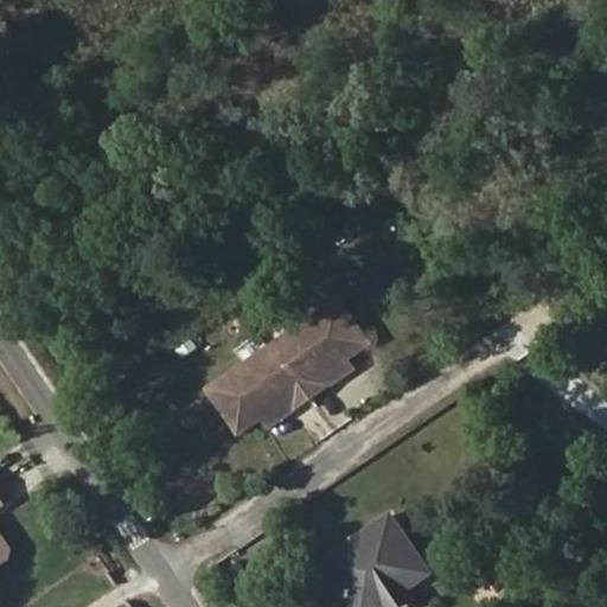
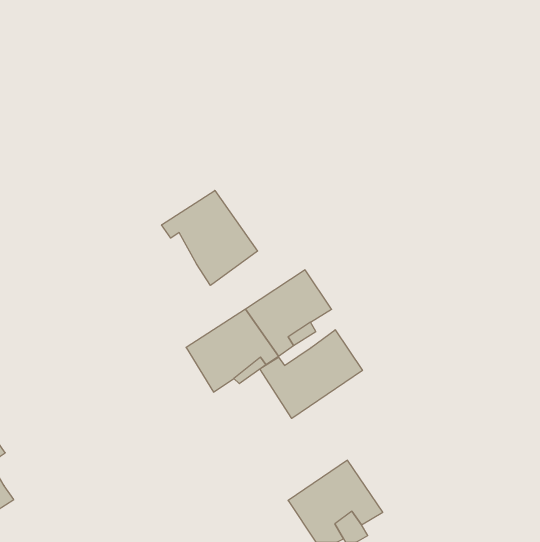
building: none -> [162,190,258,285]
building: none -> [260,330,362,418]

